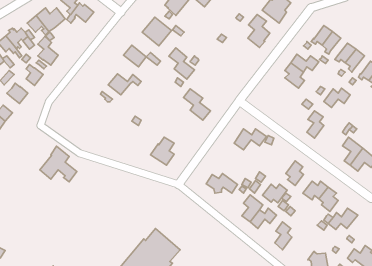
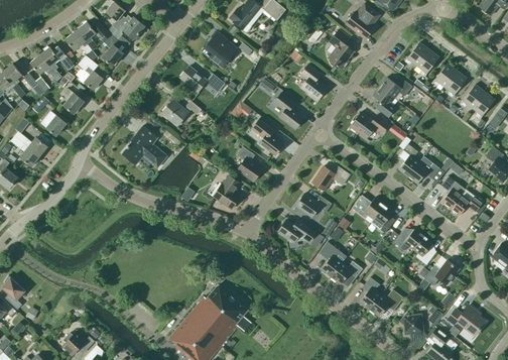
building: none -> [102,34,123,66]
building: none -> [300,64,327,101]
building: [169,48,194,79] -> [273,92,303,129]
building: none -> [349,112,389,138]
building: [324,88,350,108] -> [407,160,438,184]
building: none -> [236,146,262,182]
building: [40,146,77,182] -> [122,125,166,167]
building: none -> [295,194,331,217]
building: [263,184,287,203] -> [355,197,384,219]
building: none -> [369,289,403,317]

